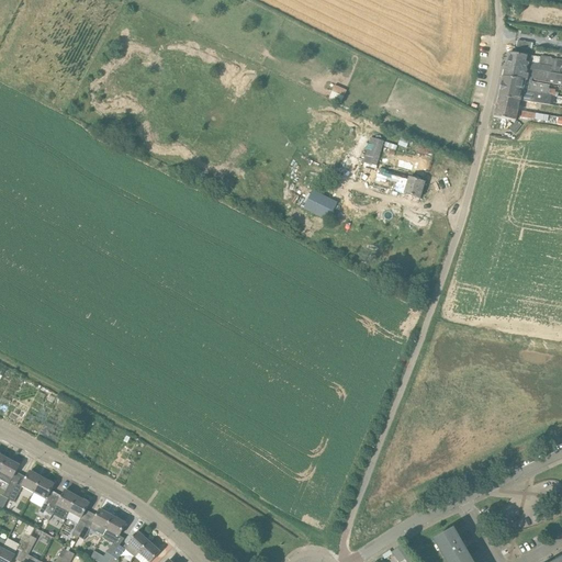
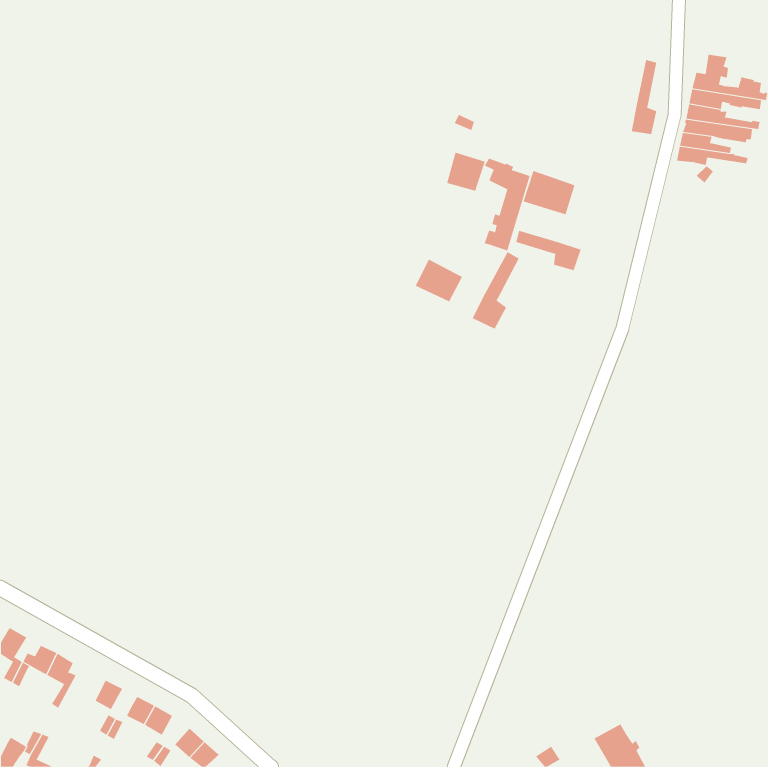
building: none -> [631,59,657,135]
building: none -> [446,152,485,192]
building: none -> [523,170,575,215]
building: none -> [472,251,520,329]
building: [43,490,77,520] -> none

